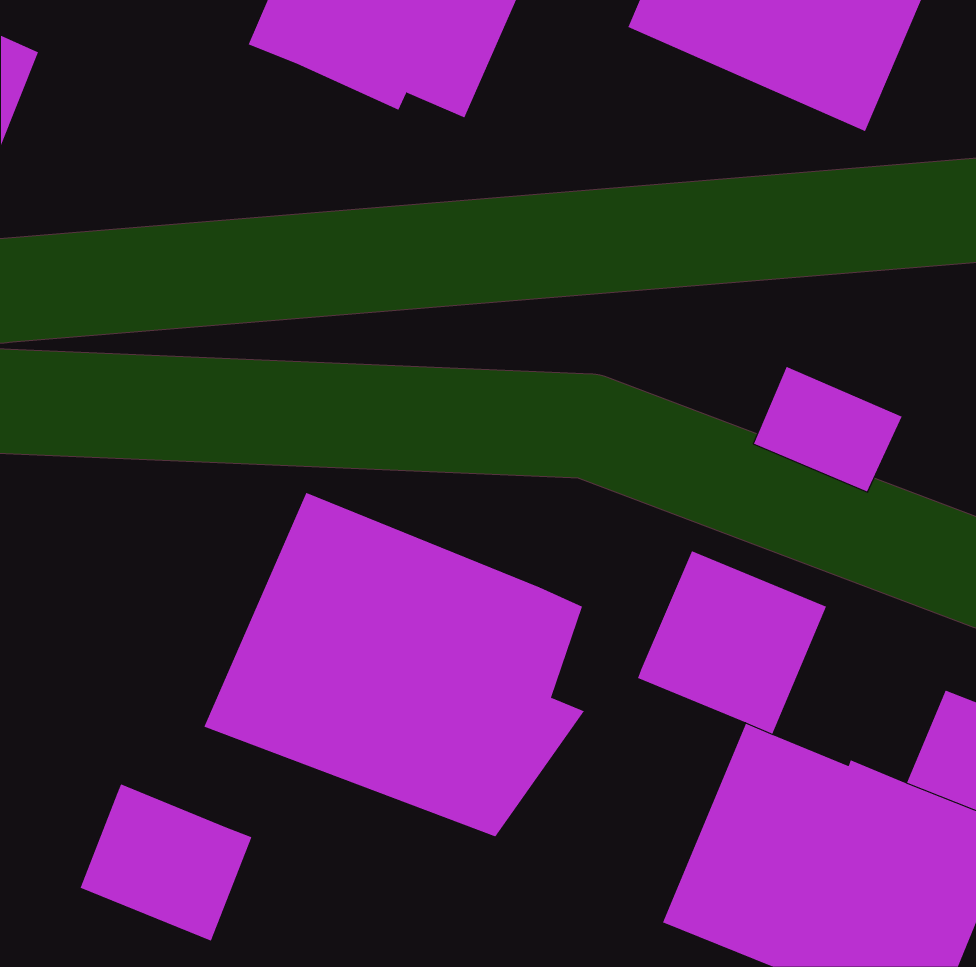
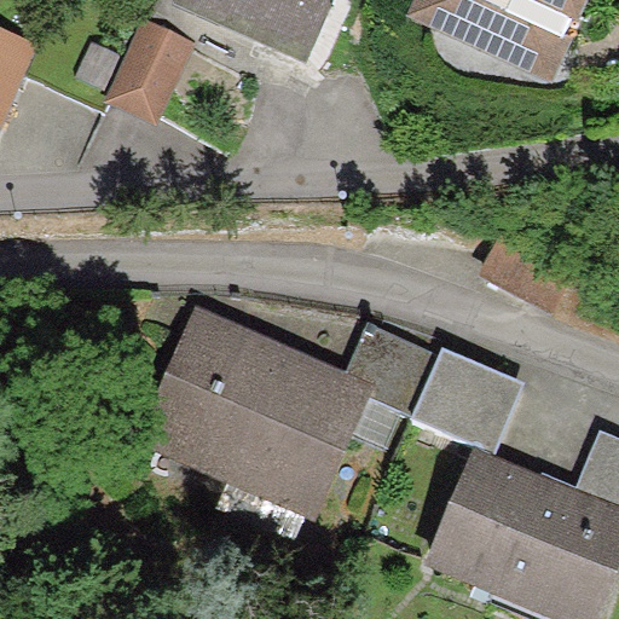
building: none -> [103,17,193,123]
building: none -> [346,317,440,447]
building: [80,784,252,942] -> none

